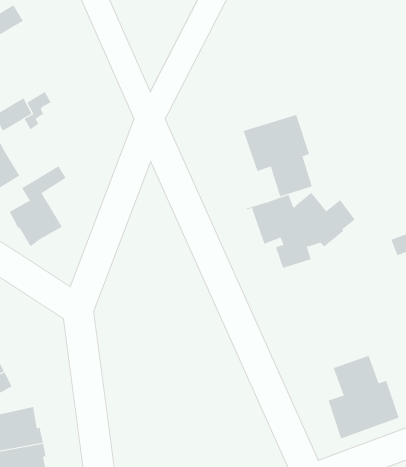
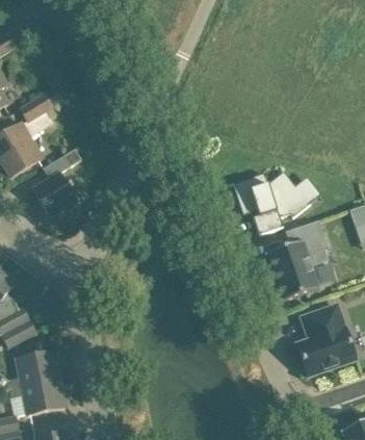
building: [243,114,312,197] -> none
building: none -> [265,221,325,301]

